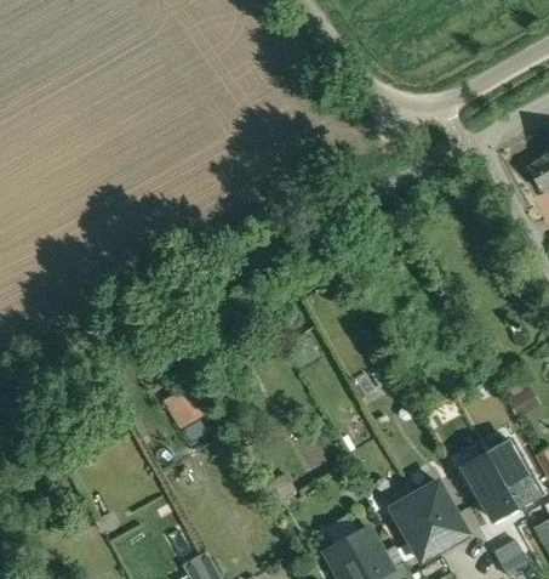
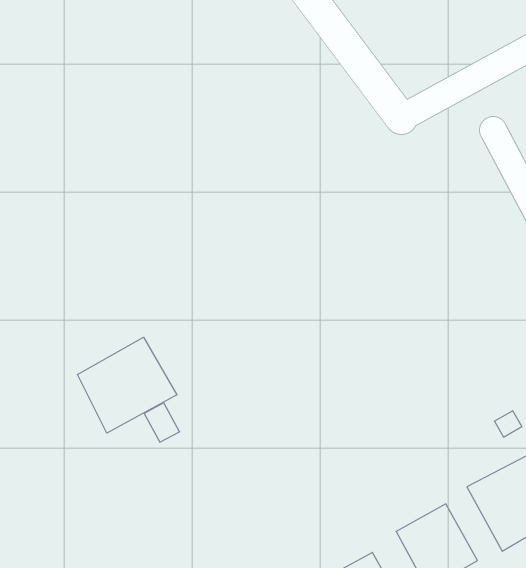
building: none -> [77,337,177,433]

